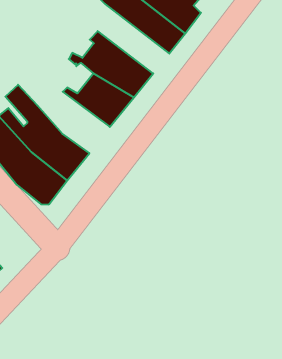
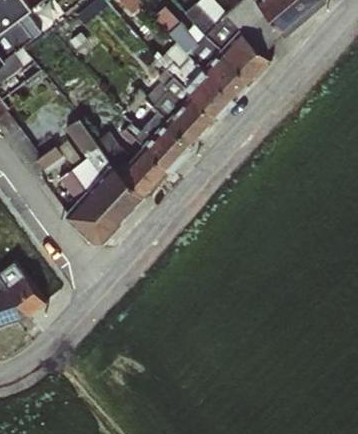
building: none -> [150,45,233,120]
building: none -> [94,131,166,196]

